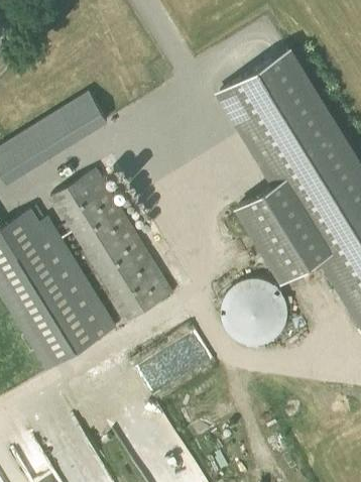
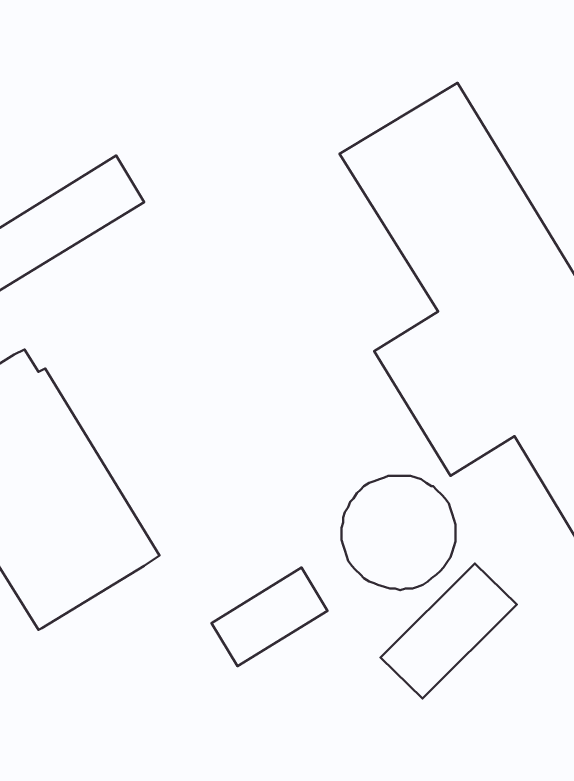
building: [50,169,171,323] -> none
building: none -> [381,563,517,699]

